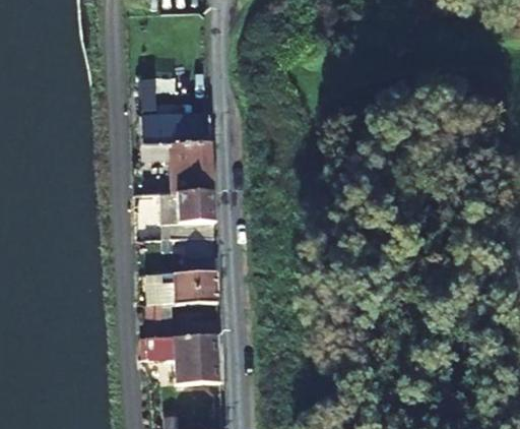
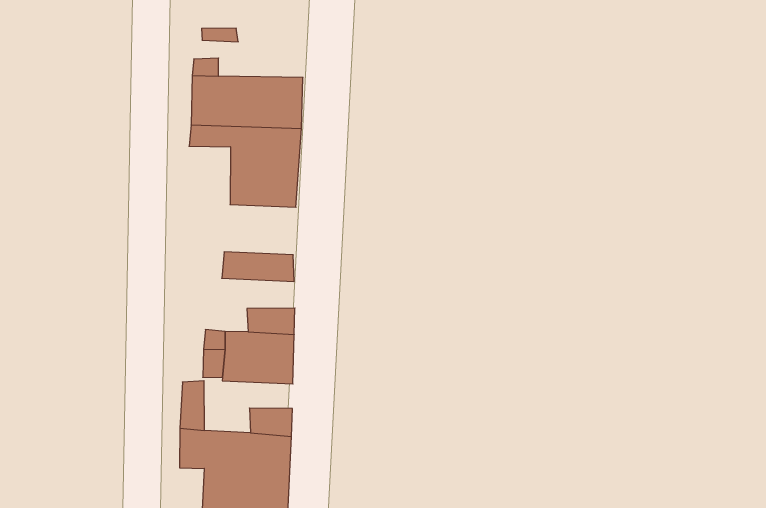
building: [158,194,211,227] -> none

